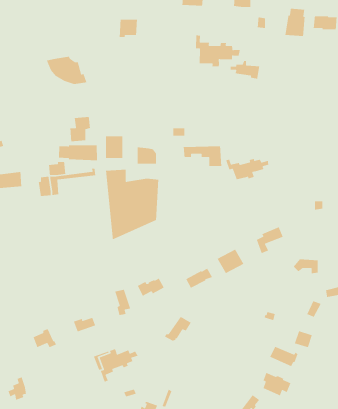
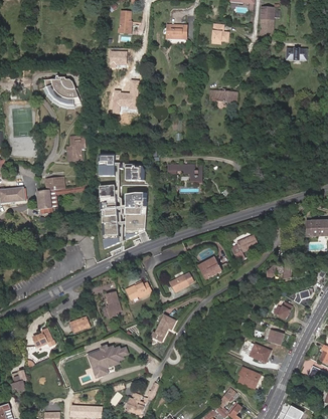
building: [285,8,306,37] -> none
building: [195,34,241,67] -> none
building: none -> [112,80,139,113]
building: [58,145,98,161] -> none
building: [225,158,269,180] -> none

